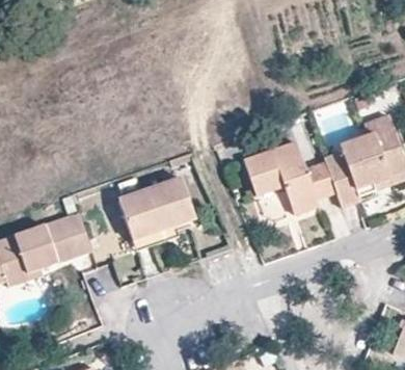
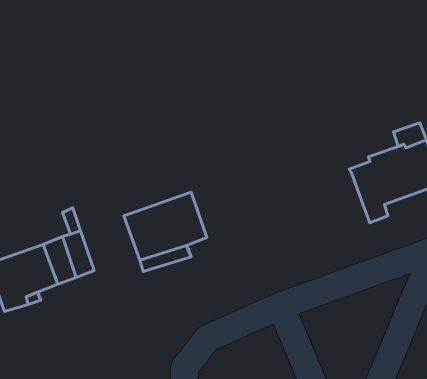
building: [244,141,338,215] -> none

